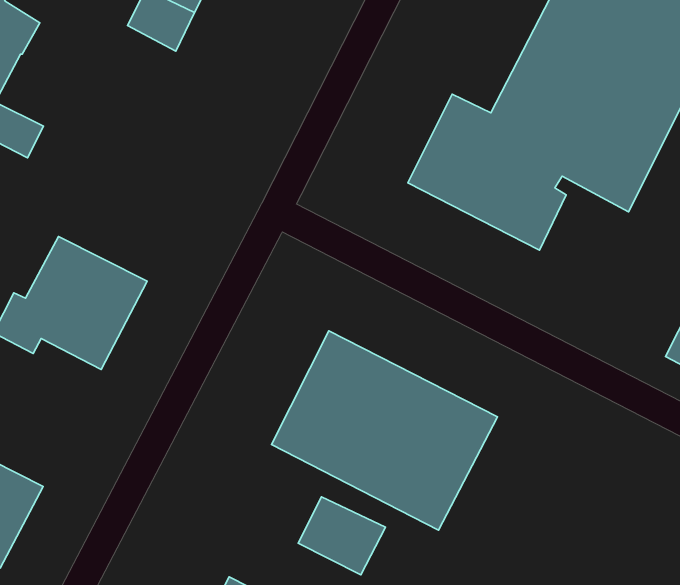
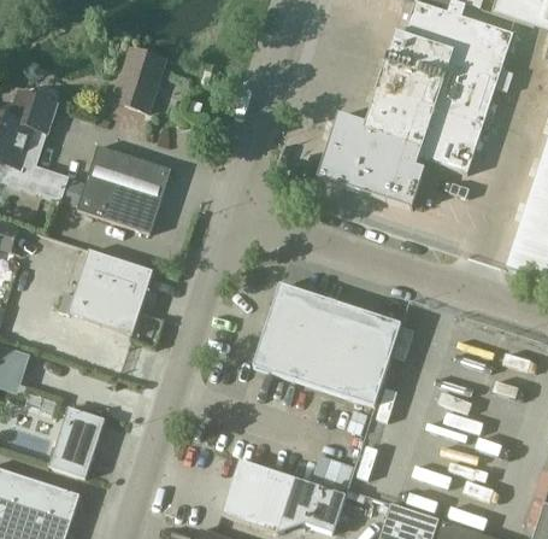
building: none -> [77,145,172,234]
building: [298,497,385,575] -> none

